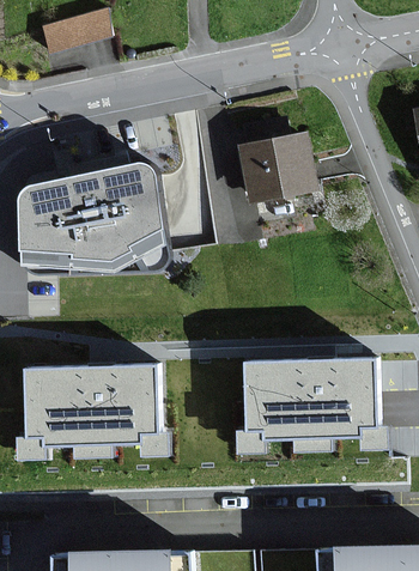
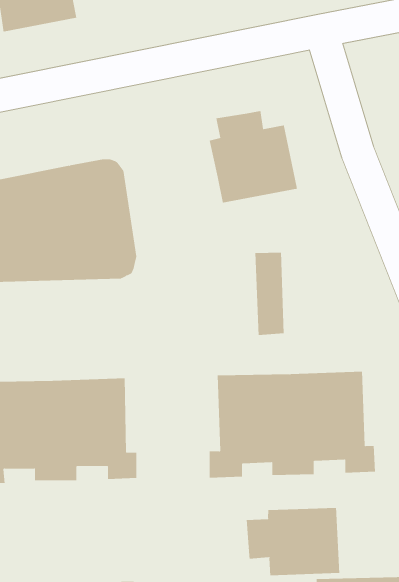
building: none -> [255,252,284,336]
building: none -> [246,507,340,576]

